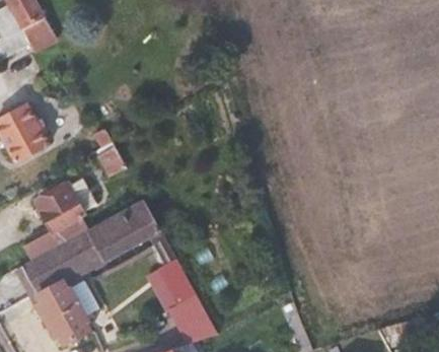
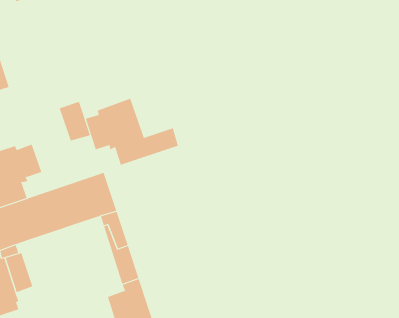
building: none -> [85,98,178,166]

